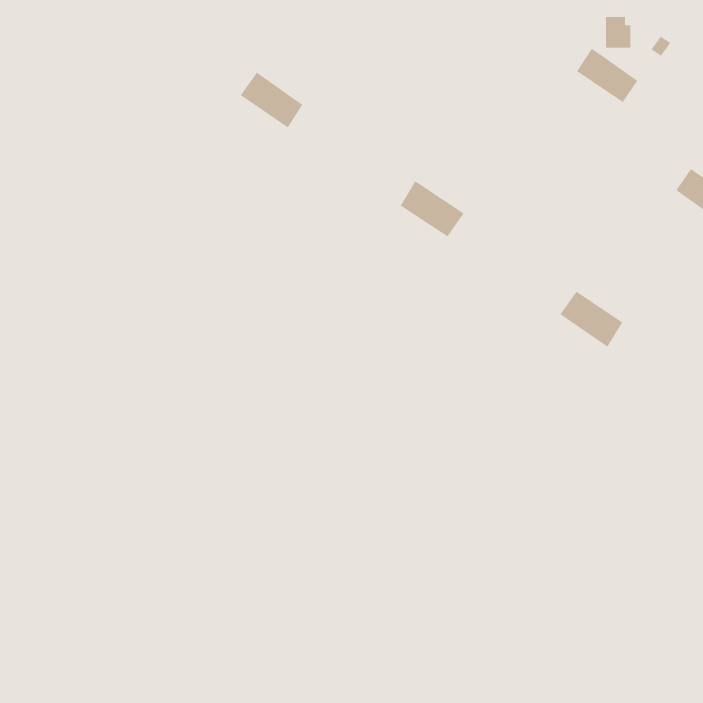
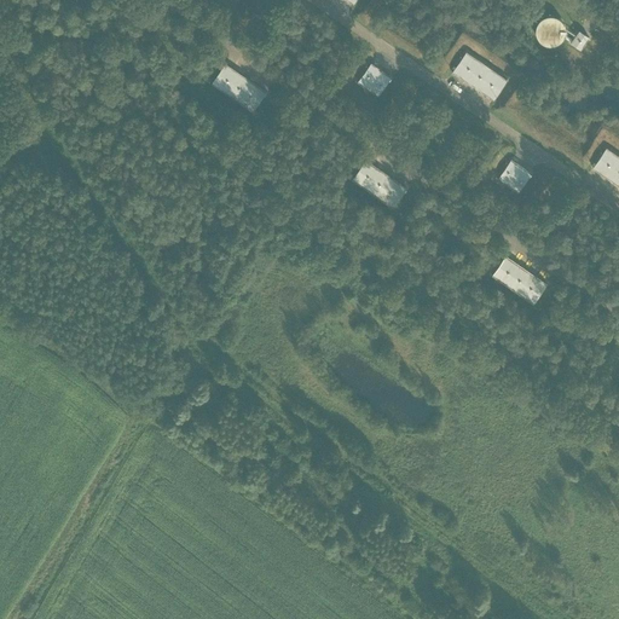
building: [576,48,638,103] -> [453,53,508,102]
building: none -> [358,64,392,98]
building: none -> [498,160,532,193]

